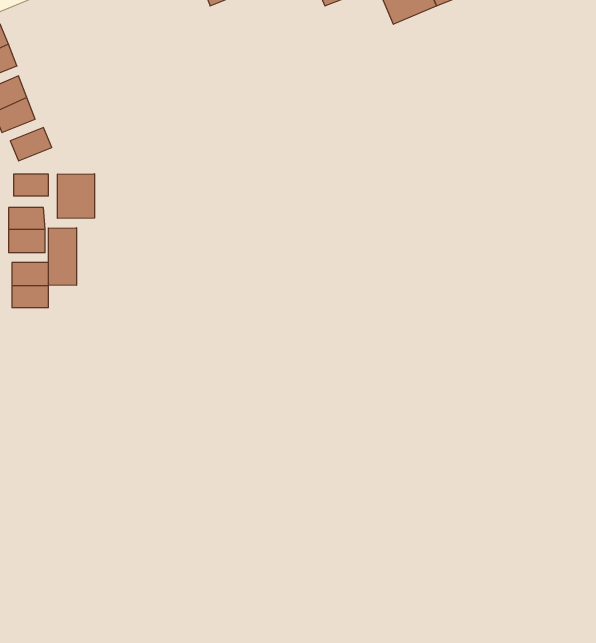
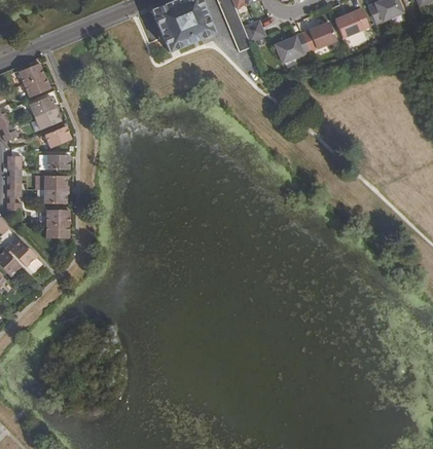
building: [58,174,94,218] -> none
building: [48,228,76,286] -> none

